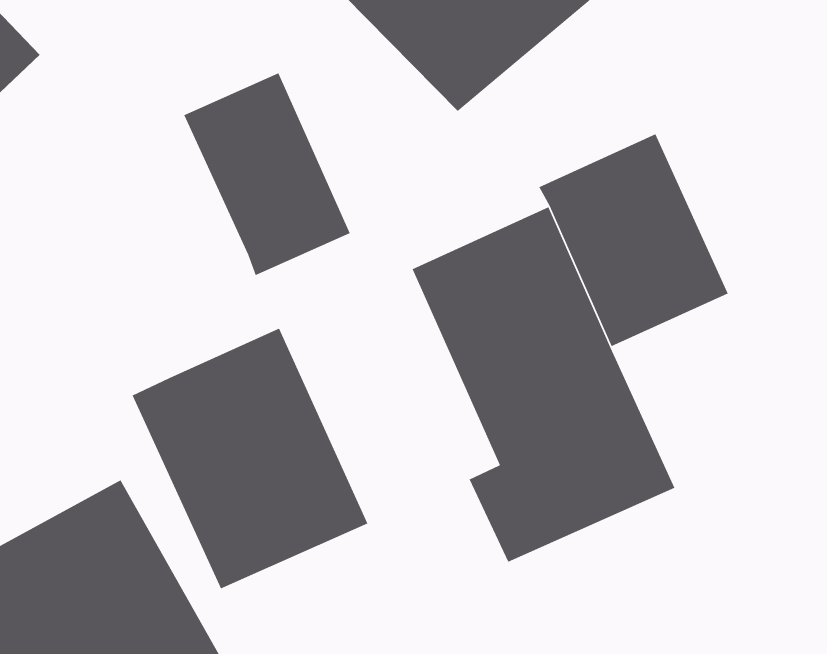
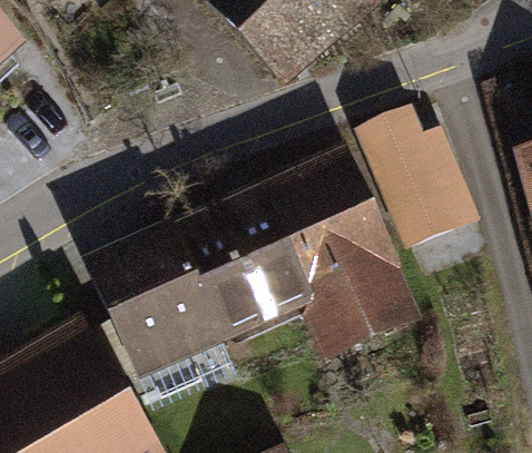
building: [183,72,351,276] -> none
building: none -> [179,184,316,343]

